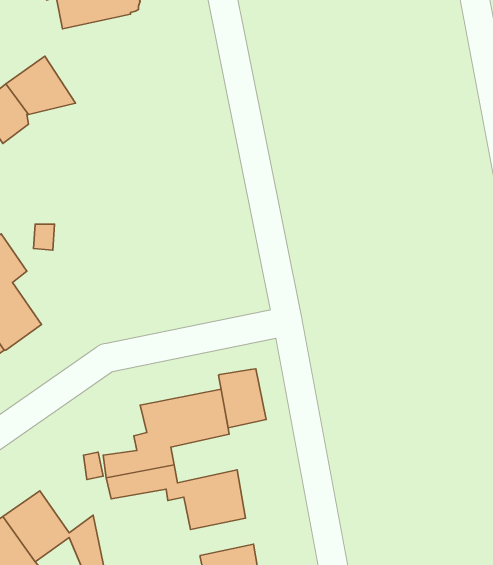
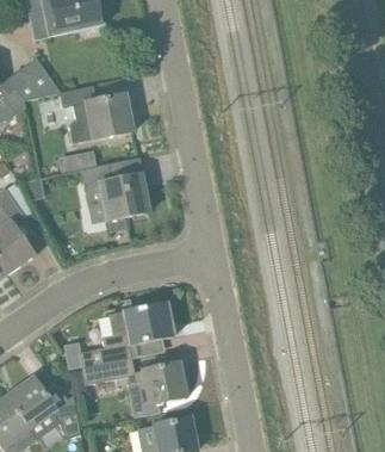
building: none -> [60,85,135,142]
building: none -> [81,163,149,223]
building: [219,369,266,428] -> none

